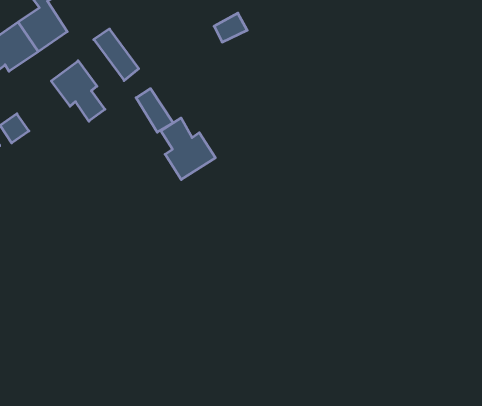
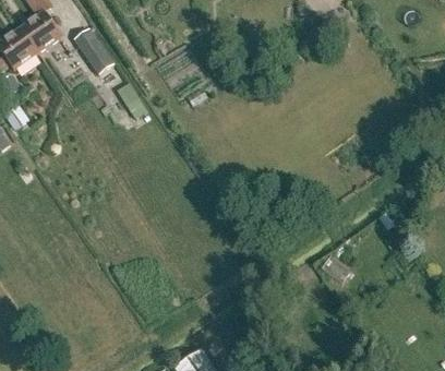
building: [51,61,105,121] -> none
building: [161,118,215,180] -> none

